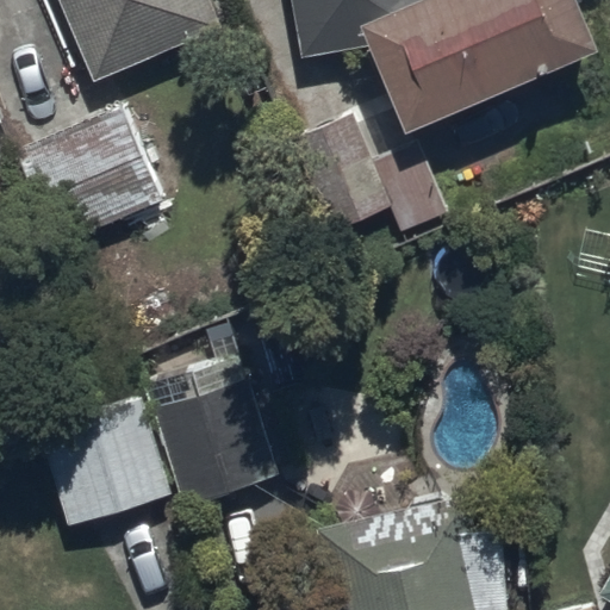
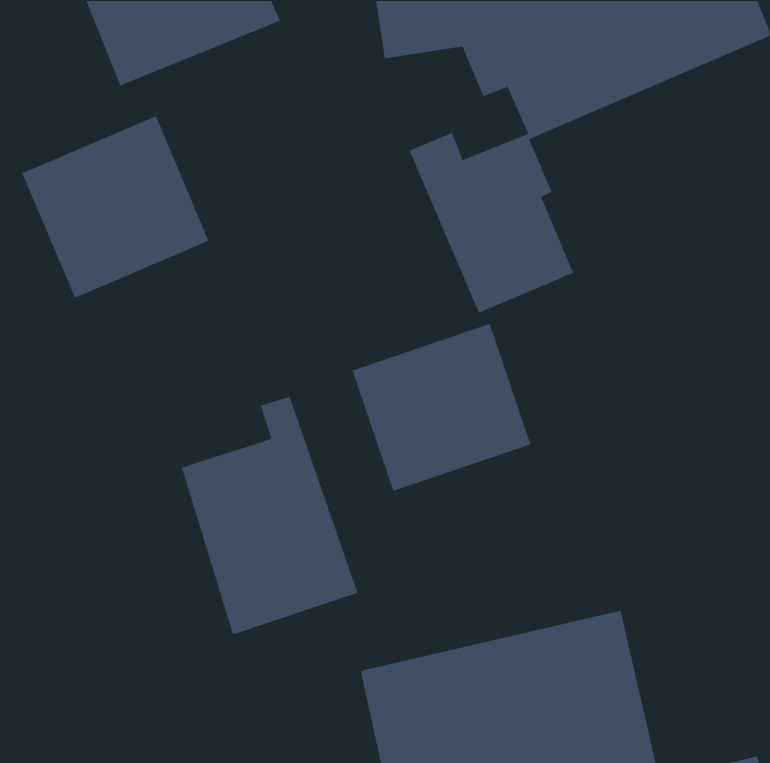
building: none -> [352,323,531,492]
building: [32,387,173,527] -> none

